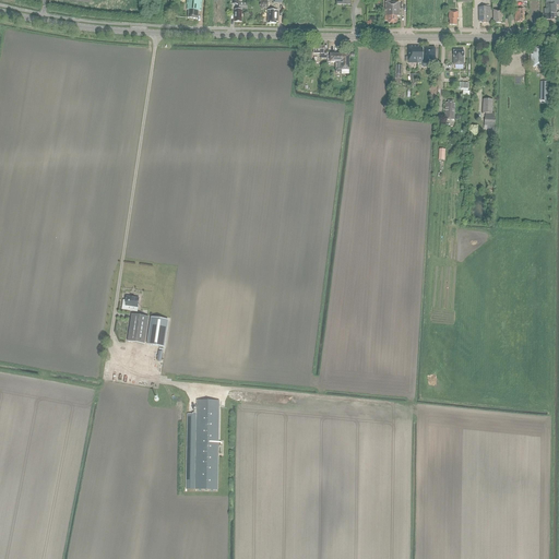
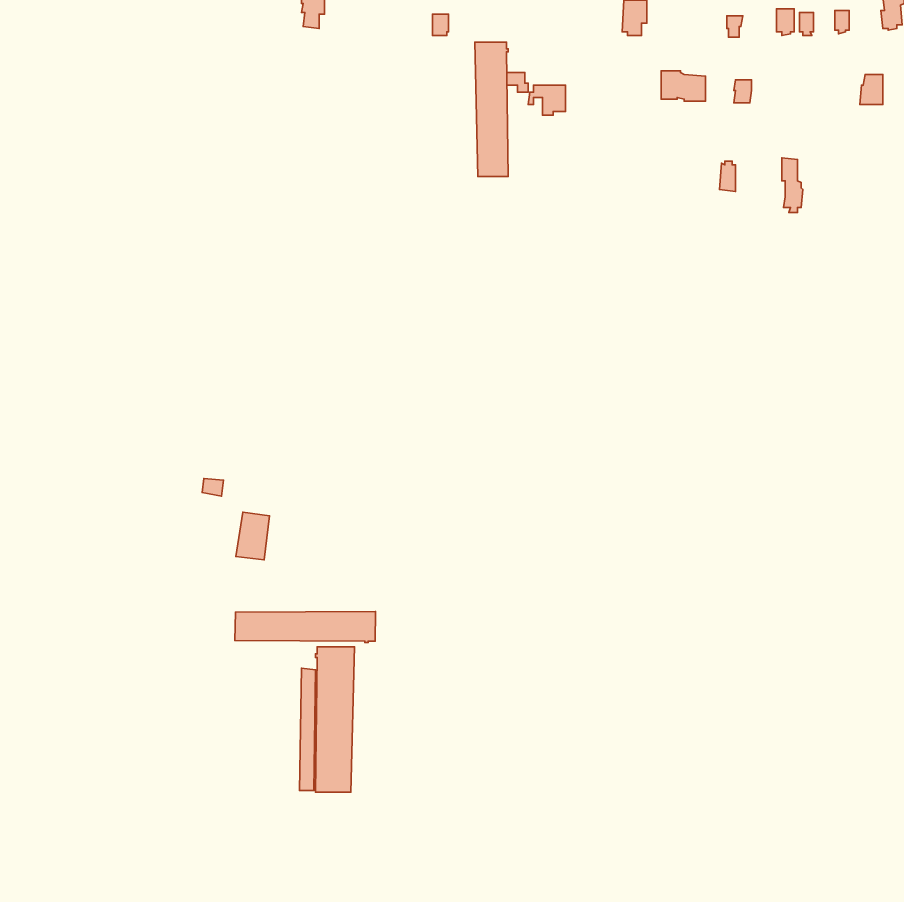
building: none -> [475,42,508,176]
building: [126,312,146,342] -> none
building: none -> [235,612,375,643]

